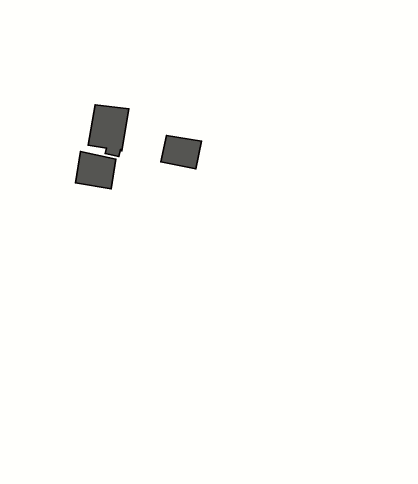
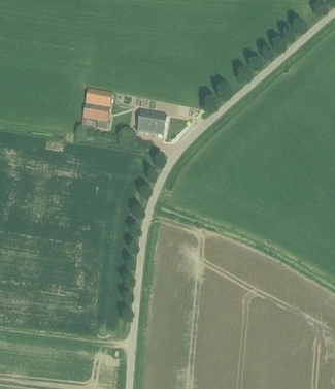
building: [75,152,116,189] -> none

